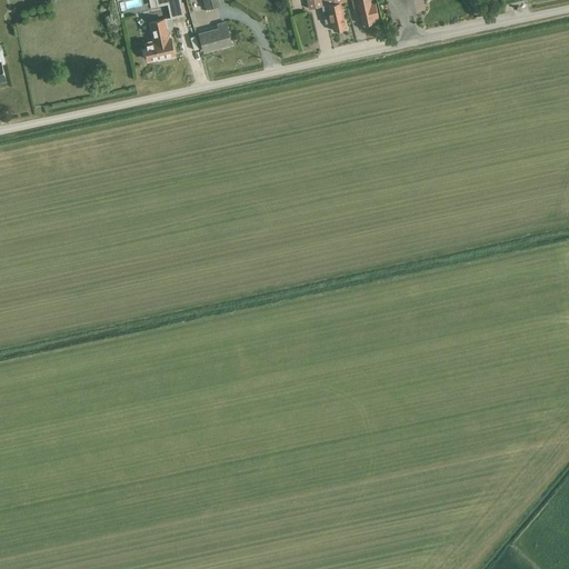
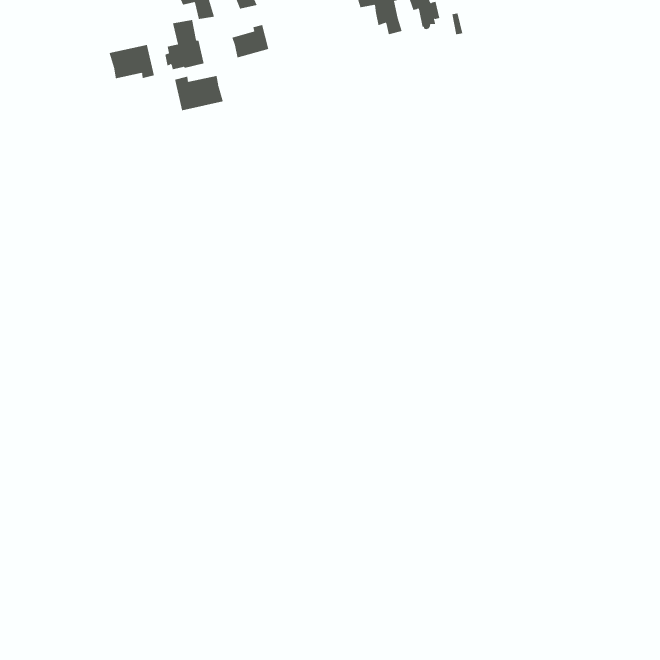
building: none -> [109,44,154,79]
building: none -> [174,75,224,111]

